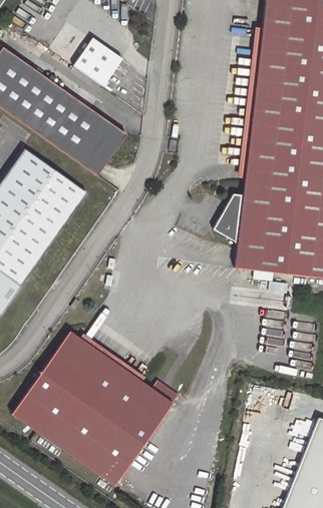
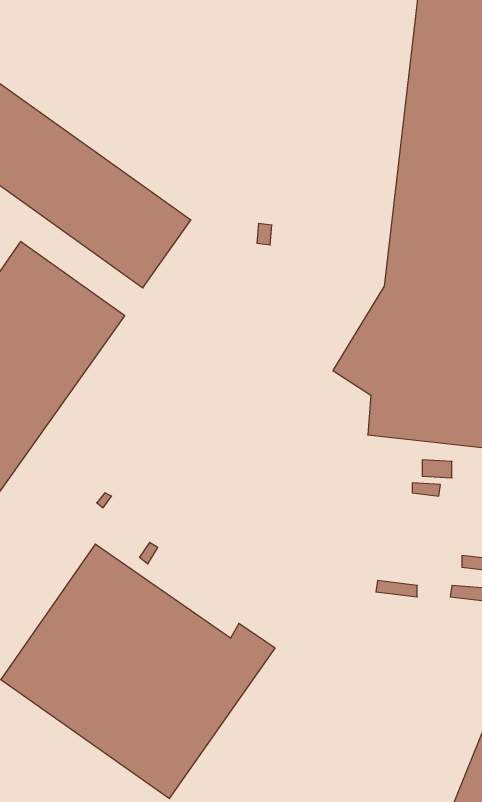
building: [73,38,122,87] -> none

